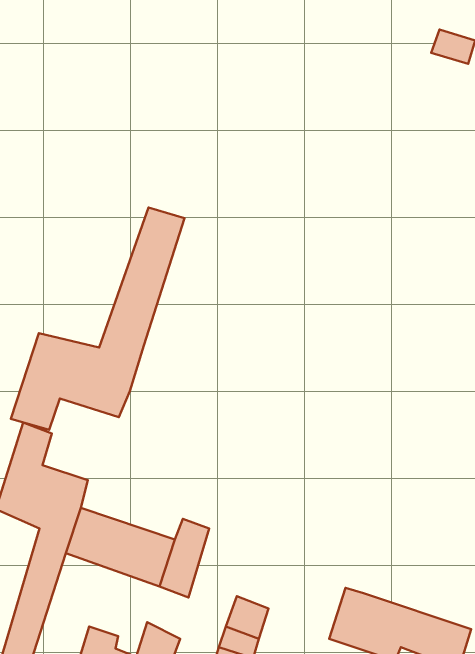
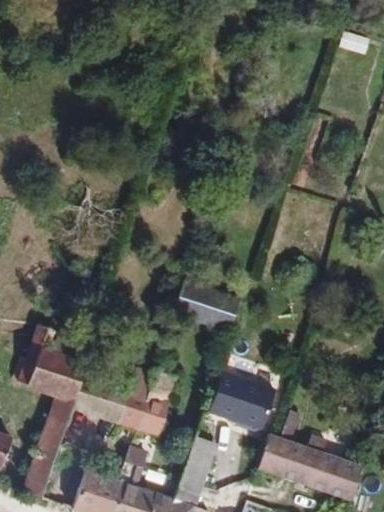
building: [11,207,185,430] -> none
building: none -> [179,285,240,331]
building: none -> [213,372,277,428]

